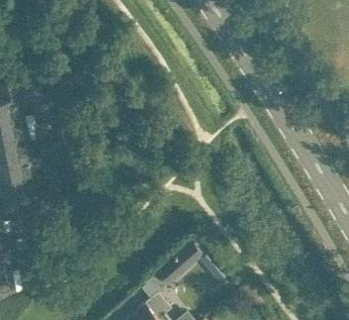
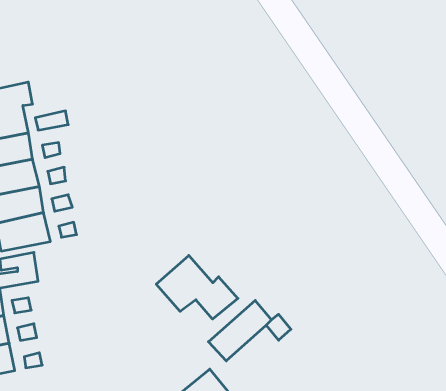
building: none -> [156,255,238,319]

